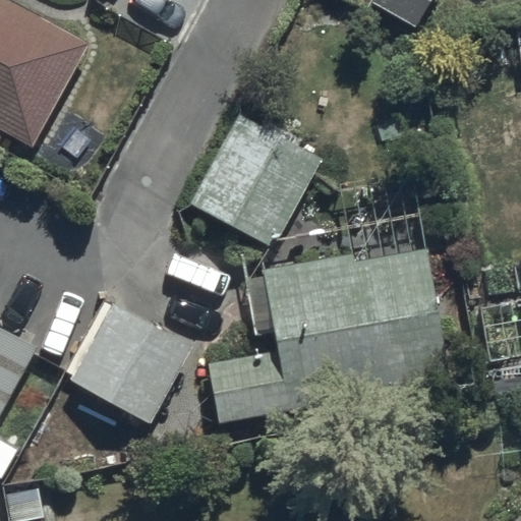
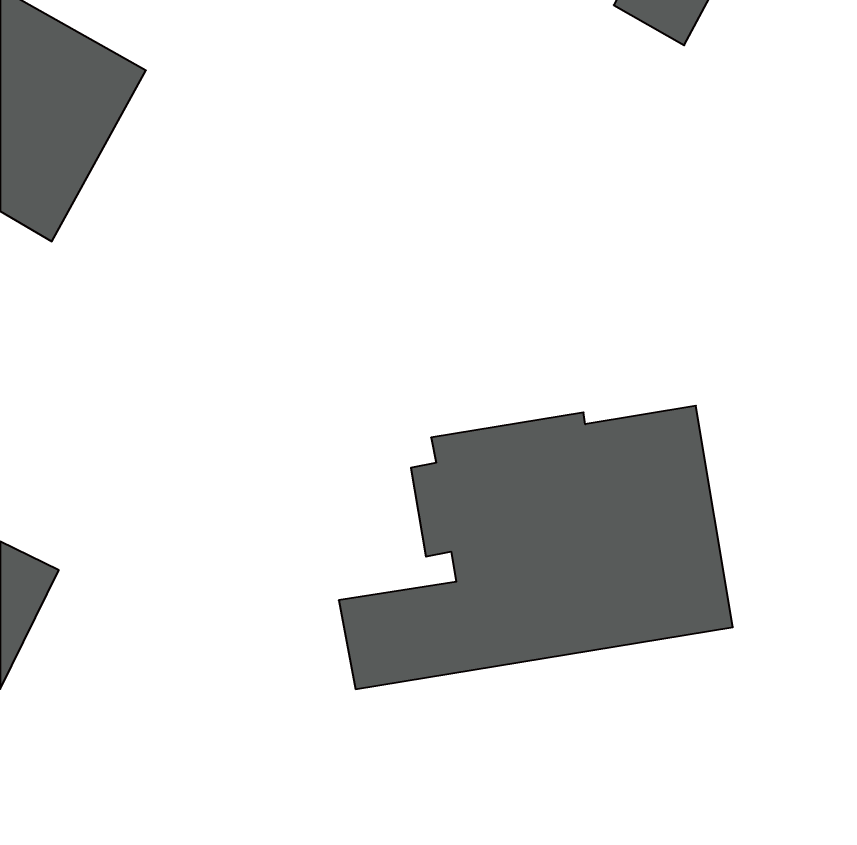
building: [186,114,323,244] -> none
building: [70,304,188,420] -> none

